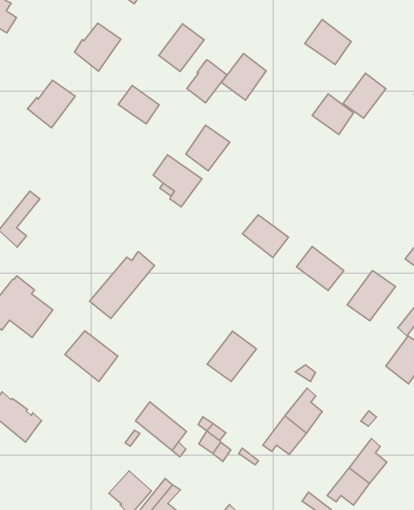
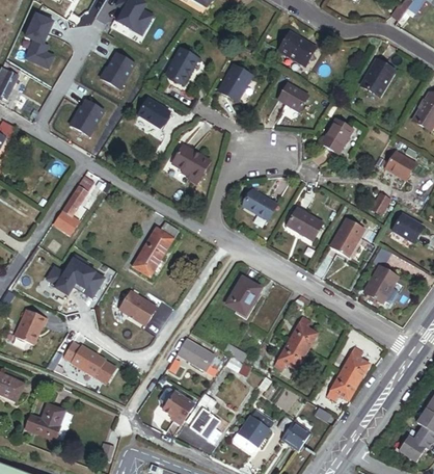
building: [187,60,227,103] -> none
building: [343,73,386,118] -> [323,112,354,147]
building: [186,125,230,171] -> none

